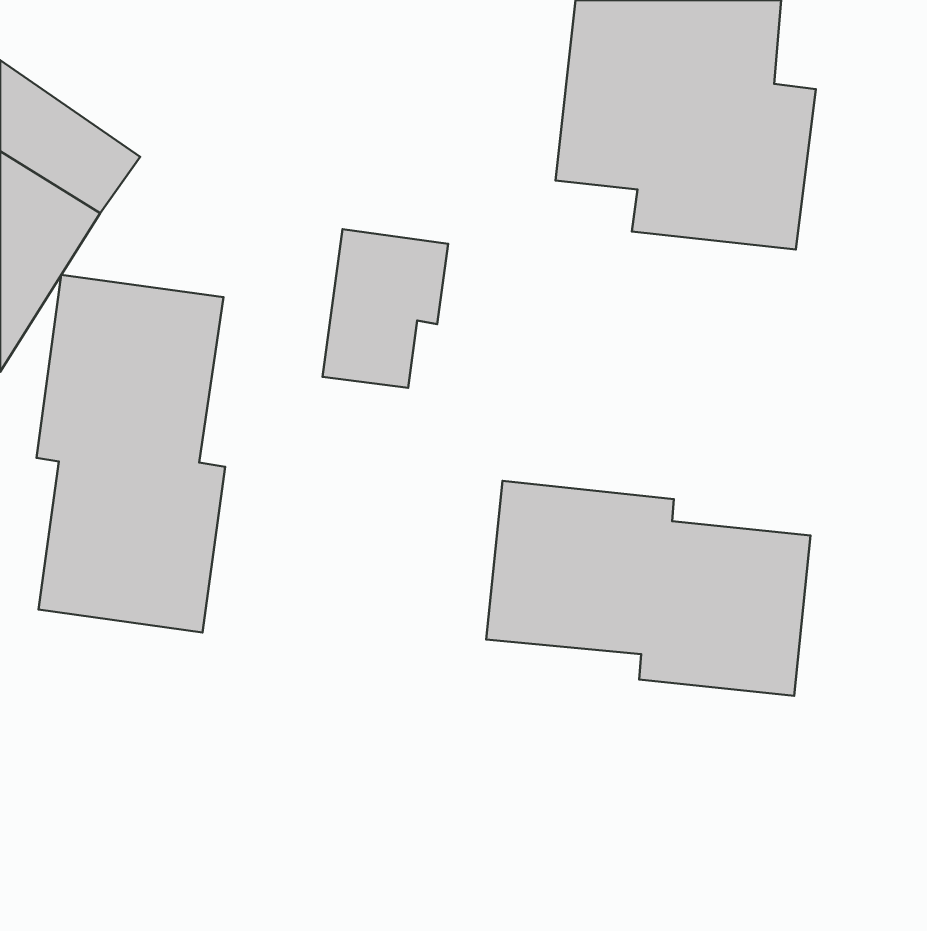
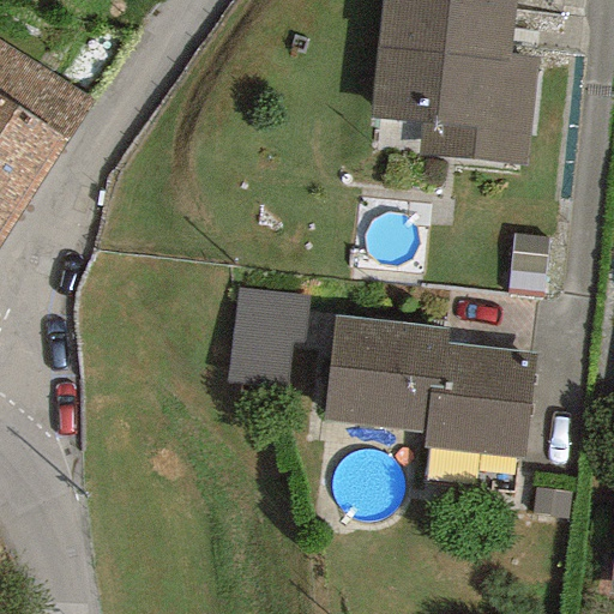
building: [322,229,448,388] -> [227,287,309,391]
building: [36,275,225,632] -> none

